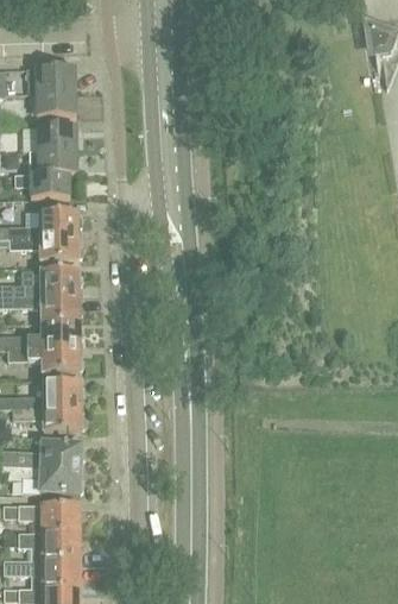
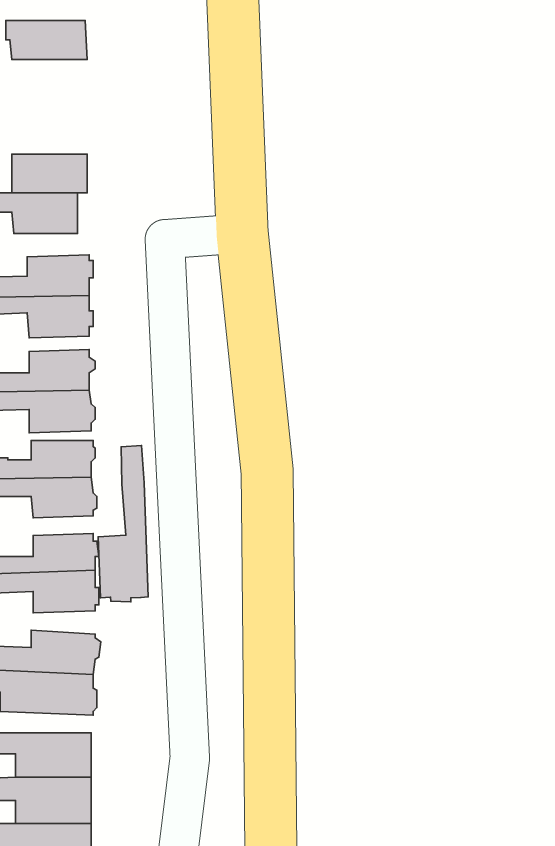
building: [34,90,76,115] -> none
building: [36,124,76,149] -> none
building: none -> [98,446,148,602]

